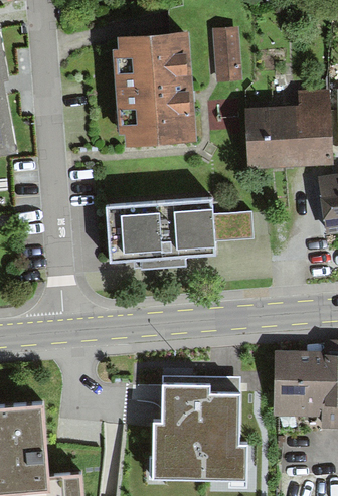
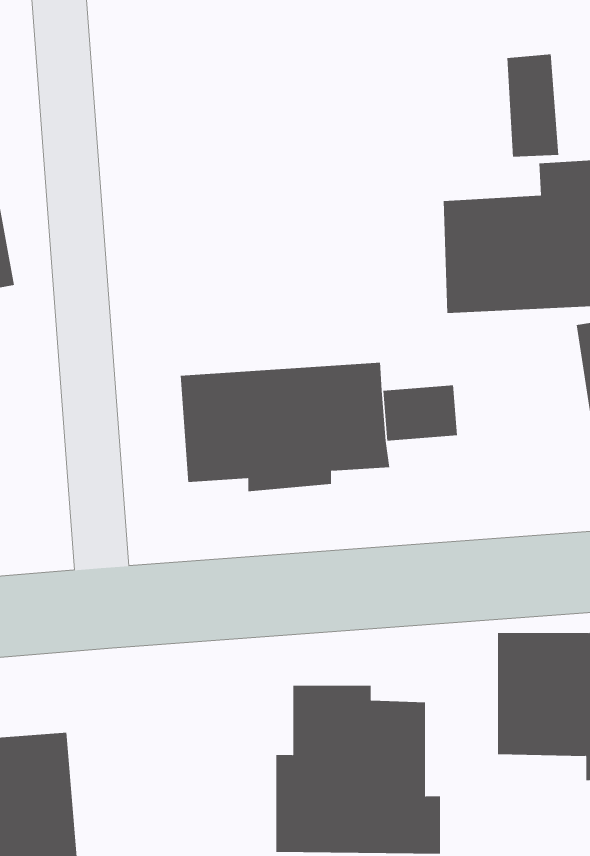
building: [212,28,240,84] -> [507,54,559,157]
building: [111,33,195,148] -> none

